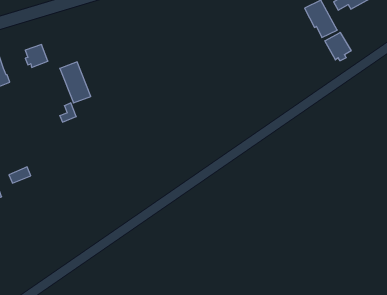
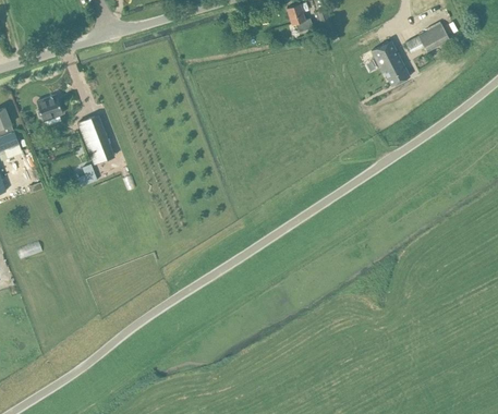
building: [325,32,351,61] -> none

